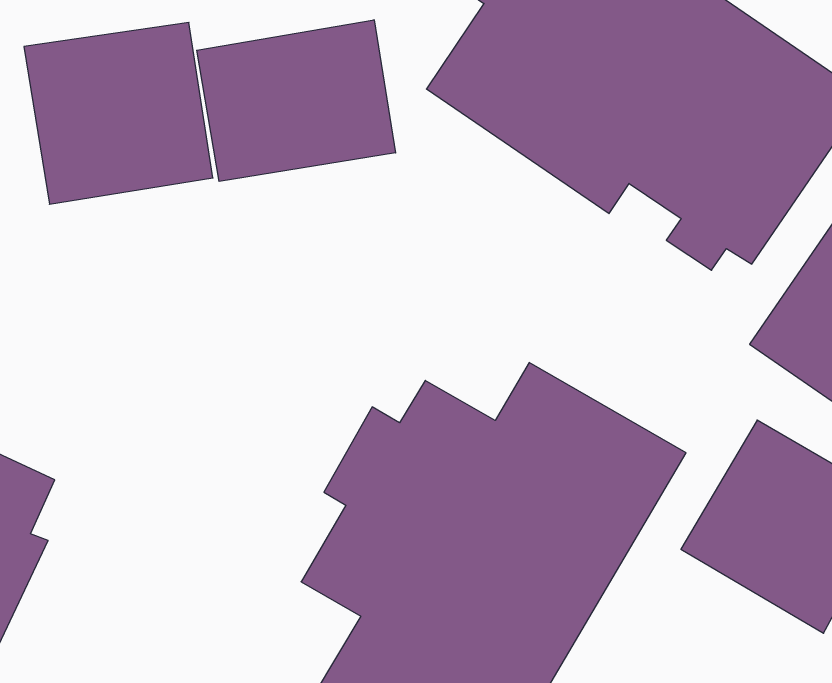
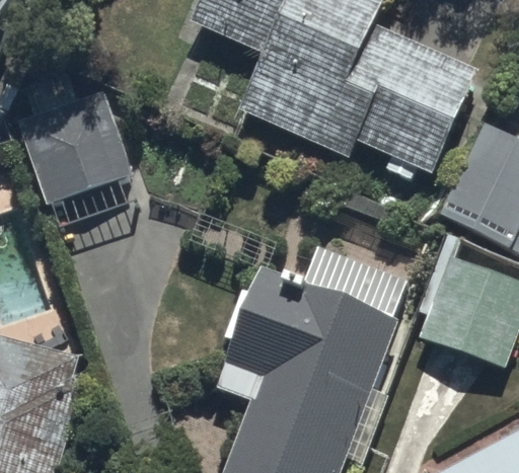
building: [197,20,396,181] -> none

